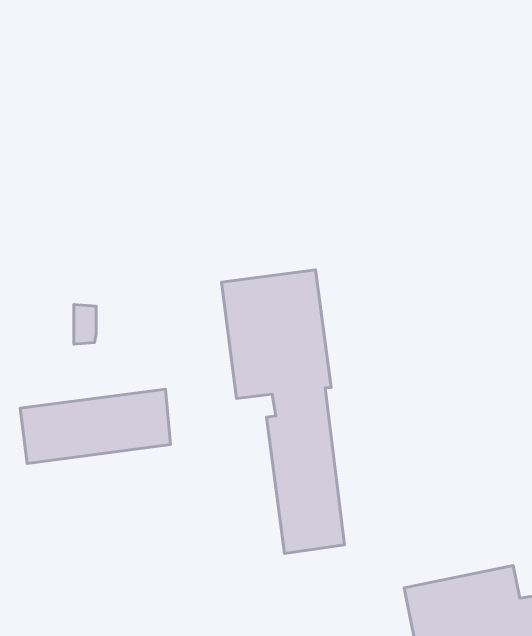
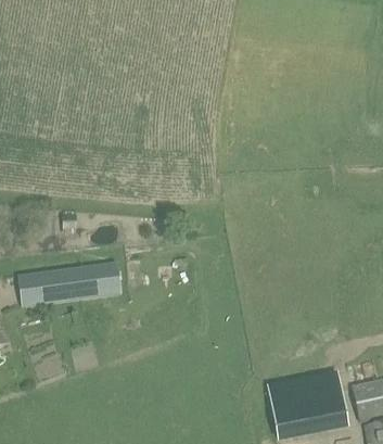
building: [222,270,344,554] -> none

